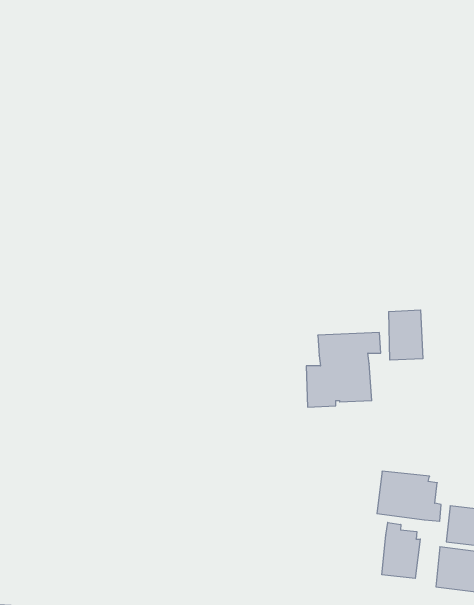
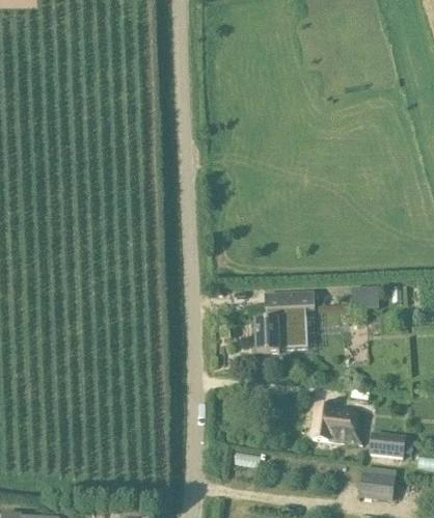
building: [389,310,423,360] -> none
building: [382,522,420,578] -> none

